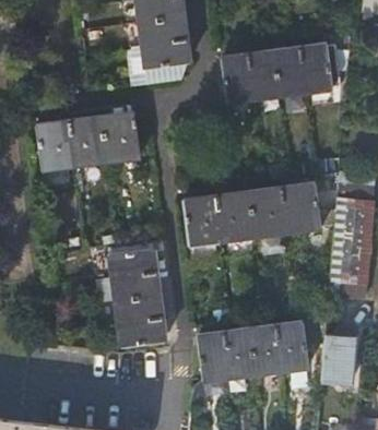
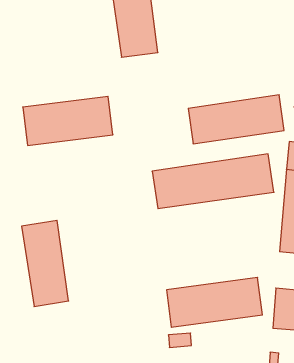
building: [224,46,333,101] -> [188,95,284,144]
building: [111,249,165,347] -> [22,220,69,307]

